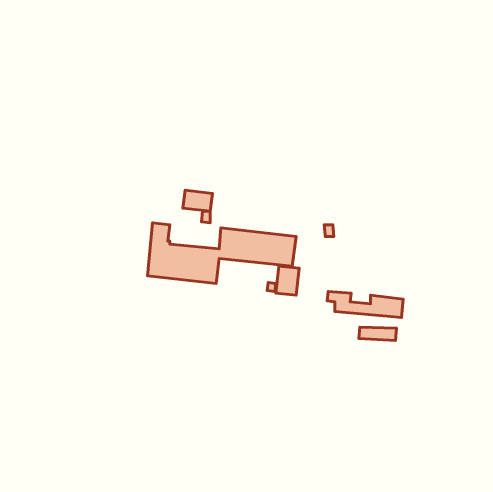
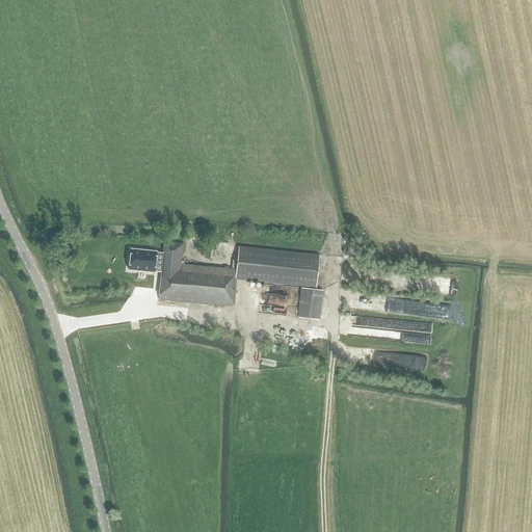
building: [183,190,213,211] -> none
building: none -> [128,248,156,271]

